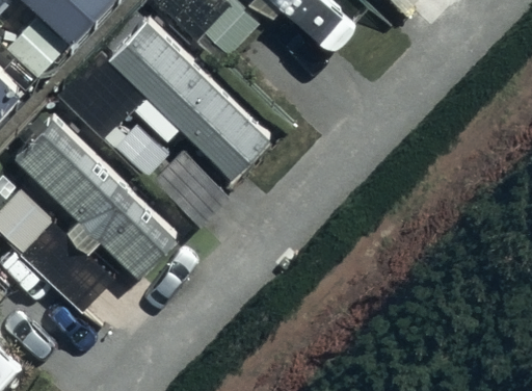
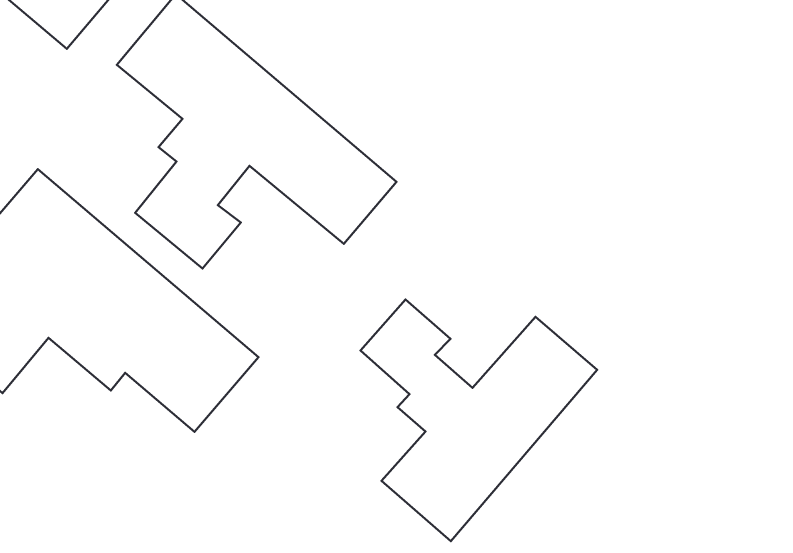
building: none -> [360,300,597,541]

